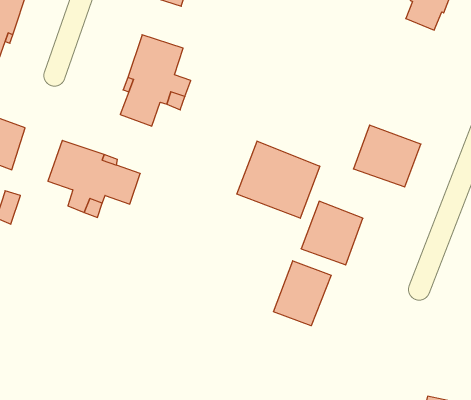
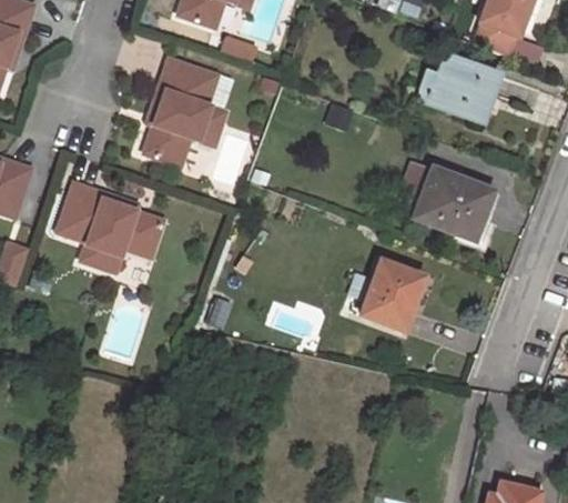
building: none -> [418,49,501,122]
building: [237,141,320,218] -> none
building: [273,261,331,326] -> none

